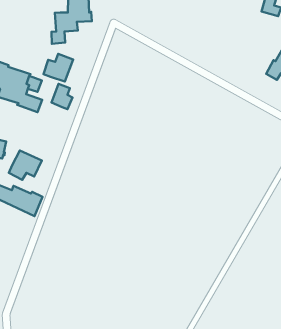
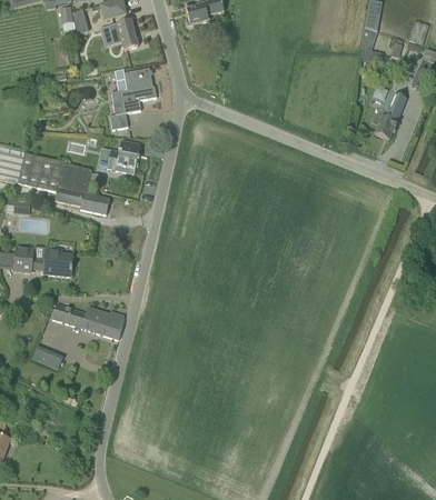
building: [52,84,72,109] -> none
building: [9,150,42,180] -> none

